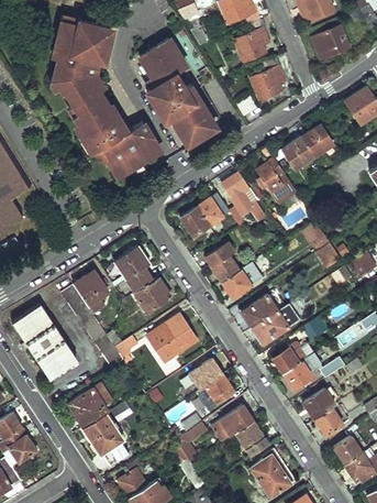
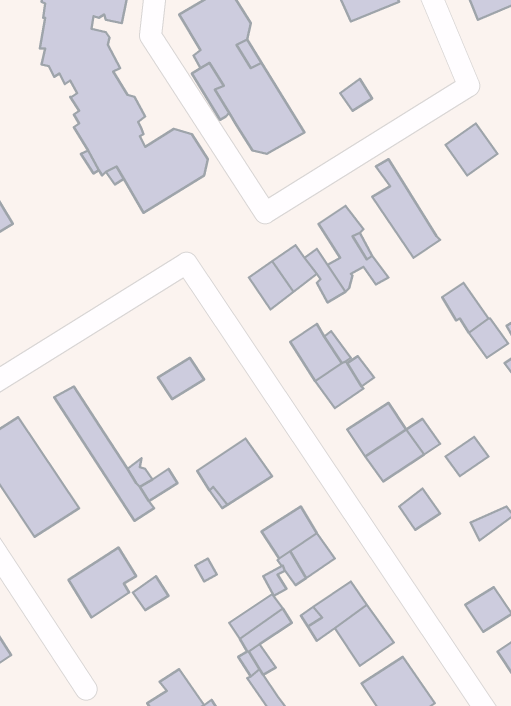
building: [251,57,289,99] -> none
building: [284,136,315,167] -> none
building: [113,245,151,280] -> none
building: [74,272,109,314] -> none
building: [132,276,170,313] -> none
building: [284,353,320,390] -> none
building: [303,390,335,419] -> none
building: [85,412,125,466] -> none

